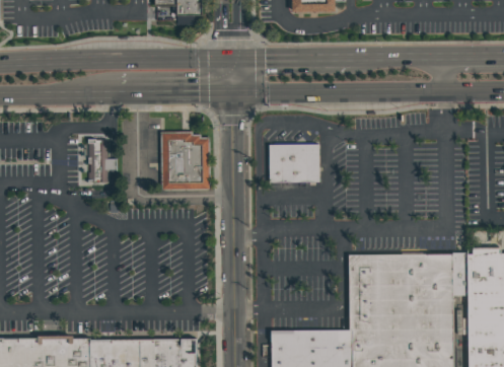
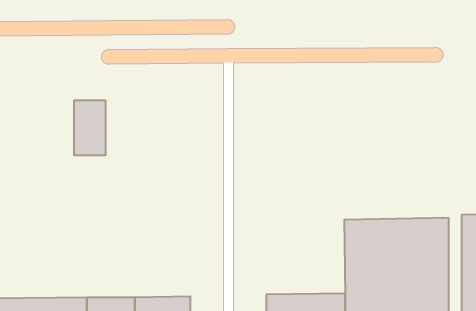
building: [158,134,210,194] -> none
building: [268,147,320,188] -> none

